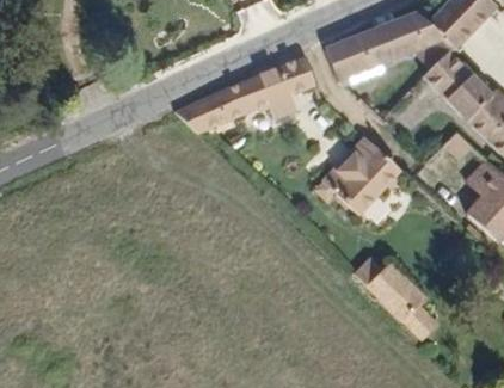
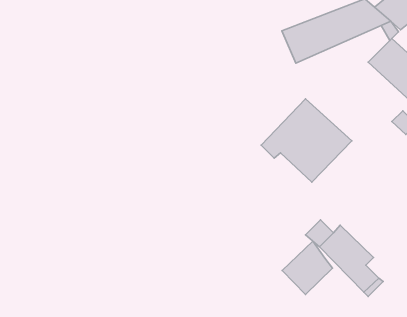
building: [180,55,320,134] -> none
building: none -> [282,241,332,295]

